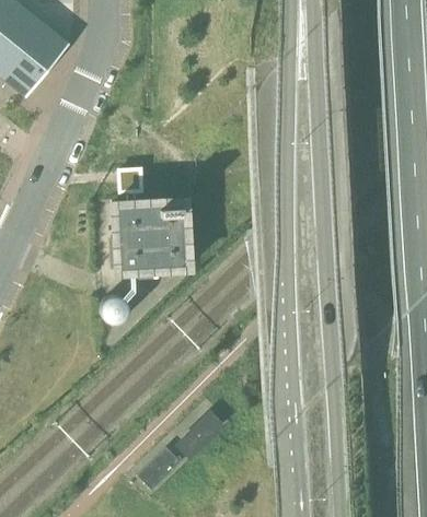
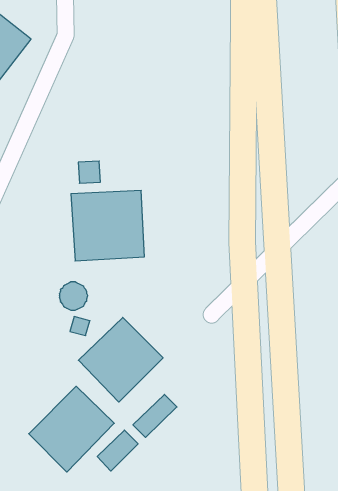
building: none -> [78,317,163,402]
building: none -> [29,386,114,472]

